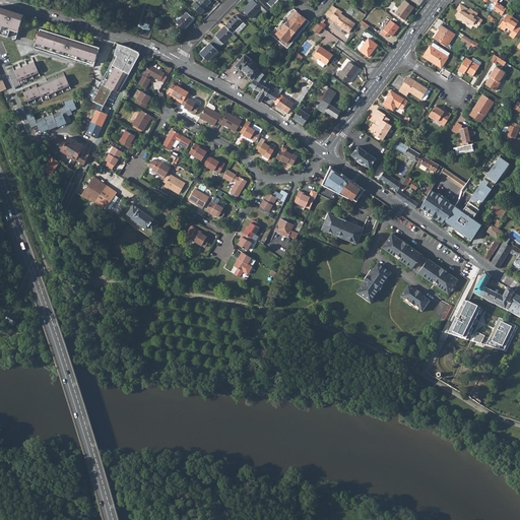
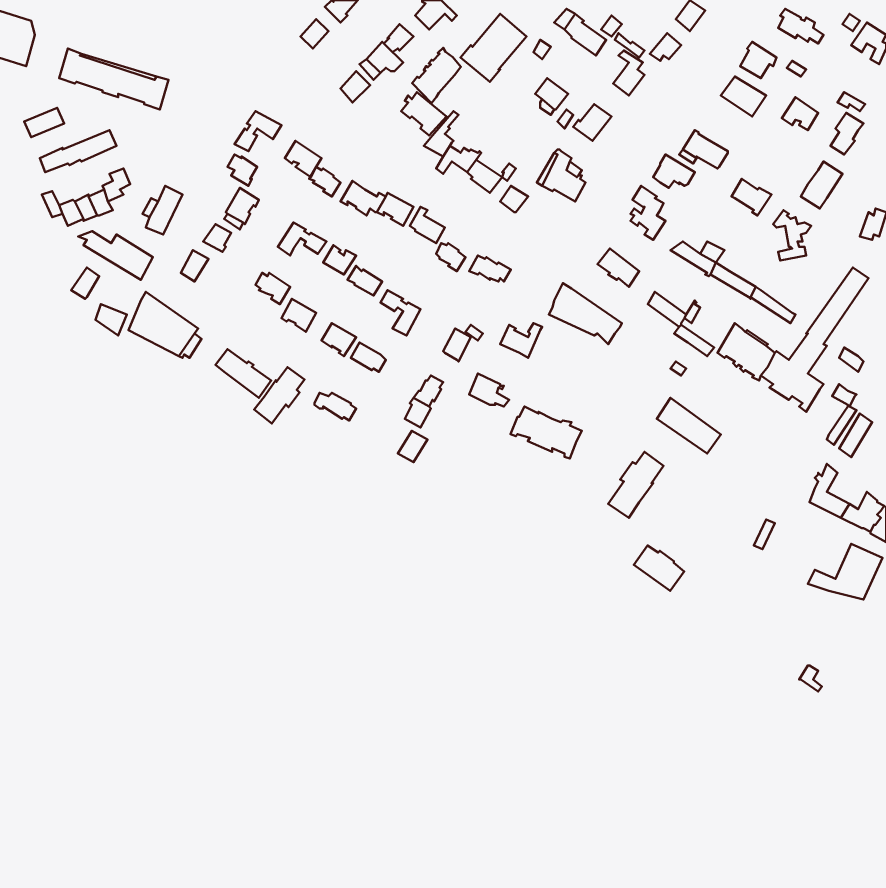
building: none -> [412,48,461,103]
building: [90,44,139,106] -> none
building: [321,212,363,243] -> [511,407,582,459]
building: none -> [254,367,305,423]
building: [419,258,458,290] -> none
building: [400,286,430,313] -> [634,546,684,591]
building: [447,301,481,340] -> none

